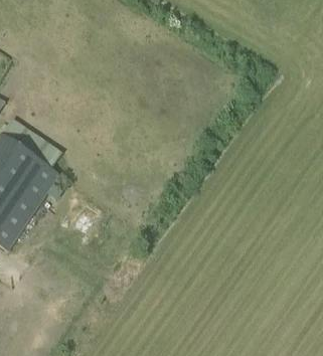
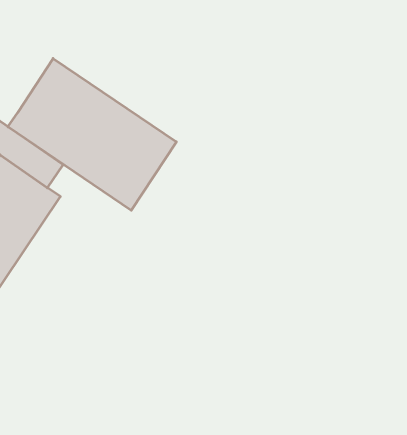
building: none -> [8,58,176,210]

